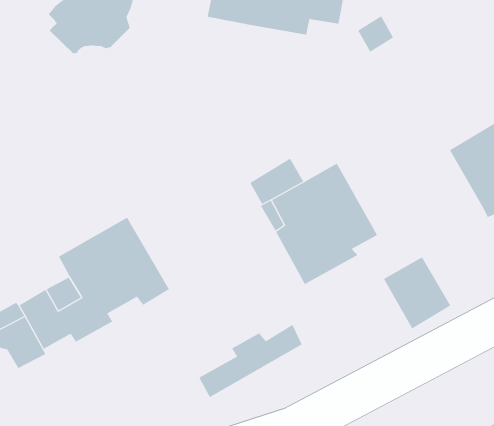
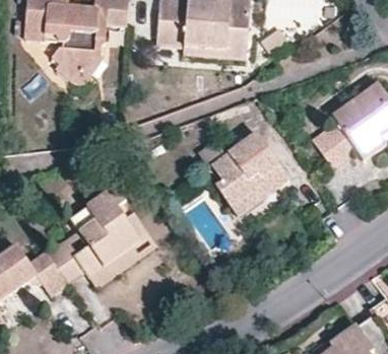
building: none -> [184,36,249,59]
building: [383,257,451,329] -> [313,121,362,171]
building: [199,324,303,398] -> [91,231,160,288]

